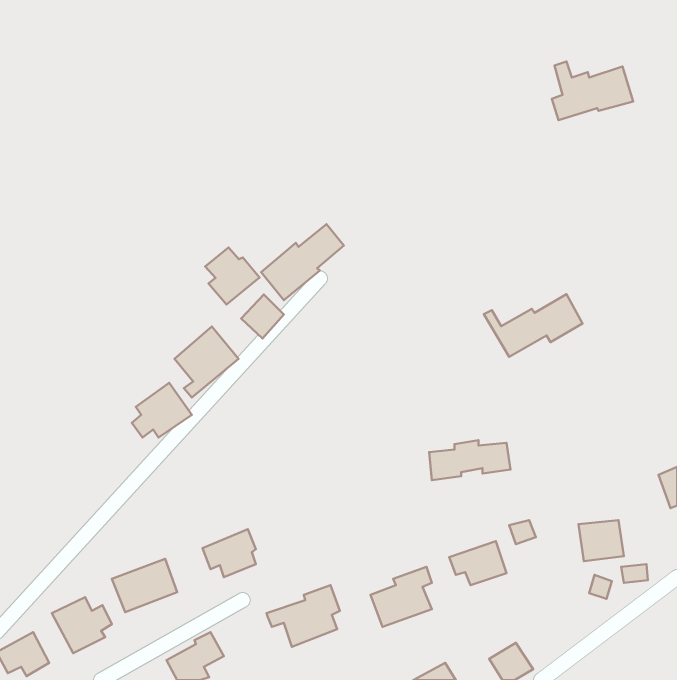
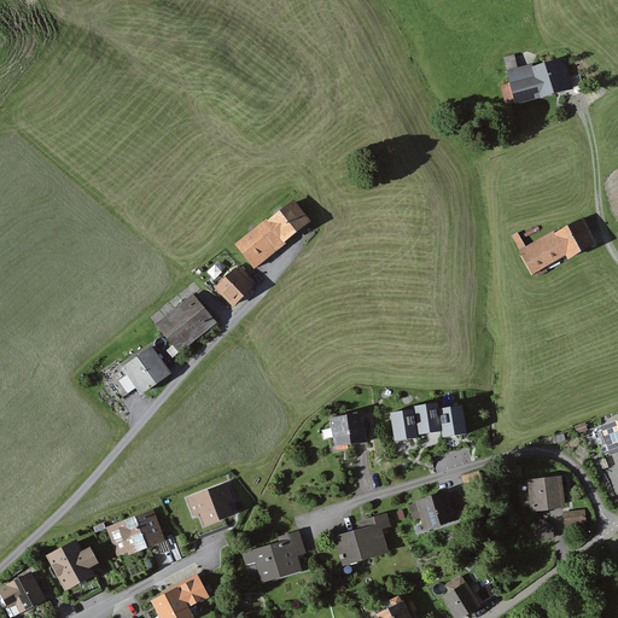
building: [205,248,260,304] -> none
building: [484,294,582,357] -> [511,218,600,275]
building: none -> [327,410,362,441]

